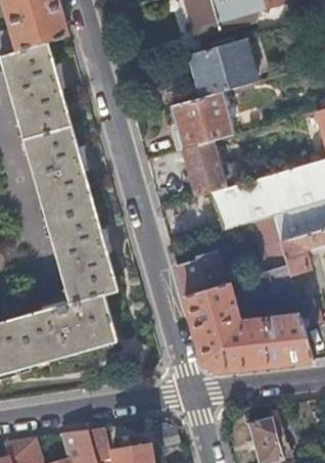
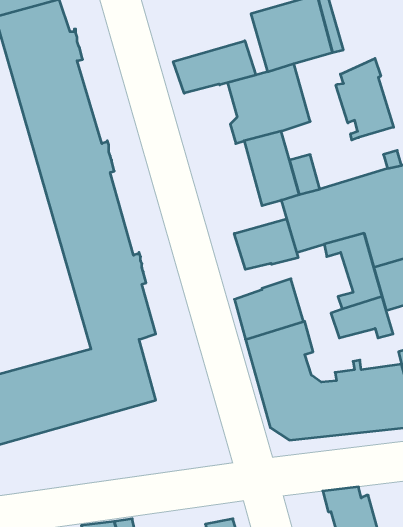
building: none -> [173,41,256,93]
building: none -> [336,58,394,140]
building: none -> [234,219,298,269]

